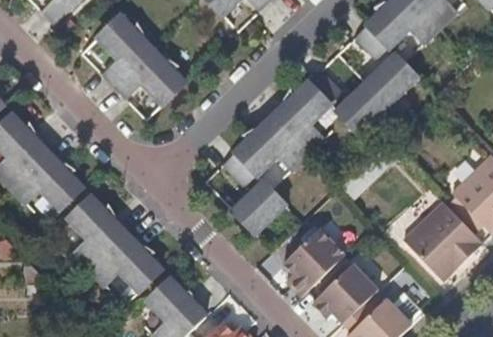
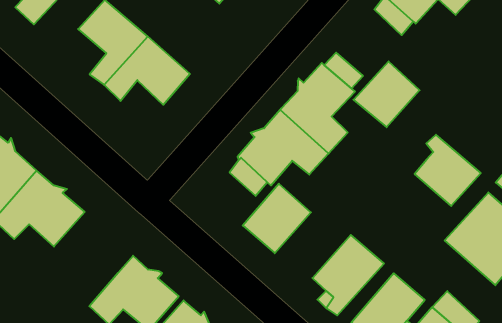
building: [363,50,421,108] -> none
building: none -> [415,135,481,206]
building: [64,195,129,274] -> none

